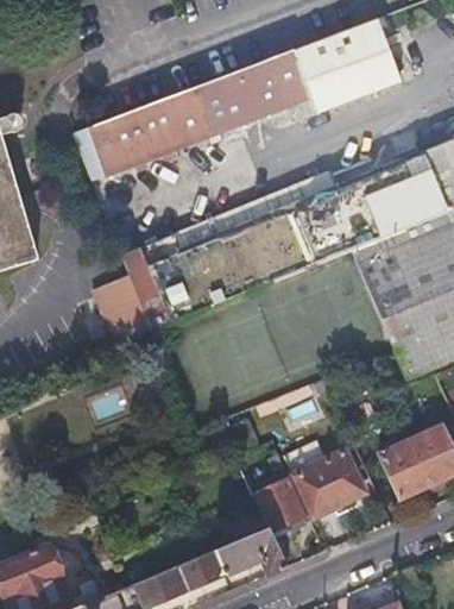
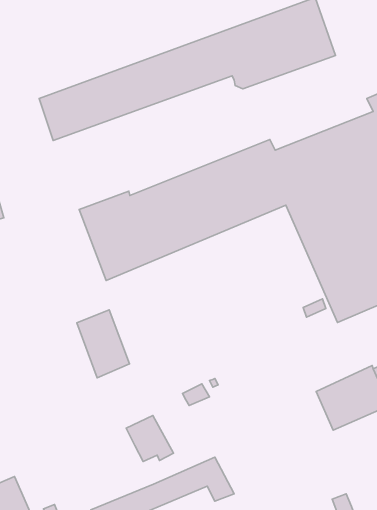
building: [90,271,149,346] -> [77,310,129,378]
building: [295,451,364,515] -> none
building: [256,478,308,529] -> [126,415,173,462]

